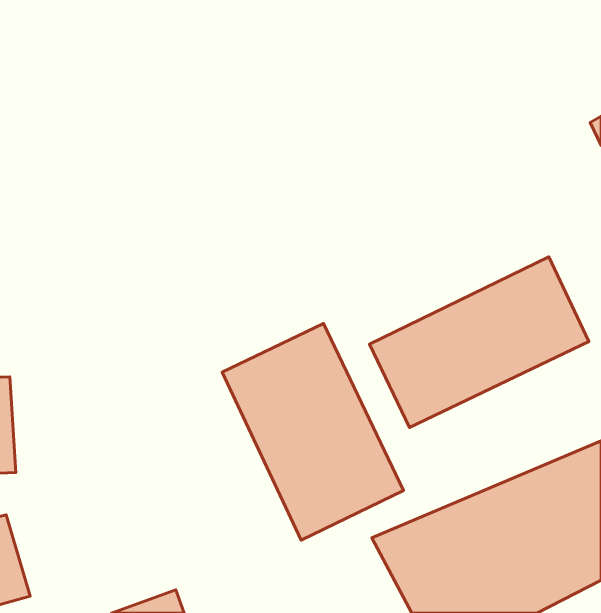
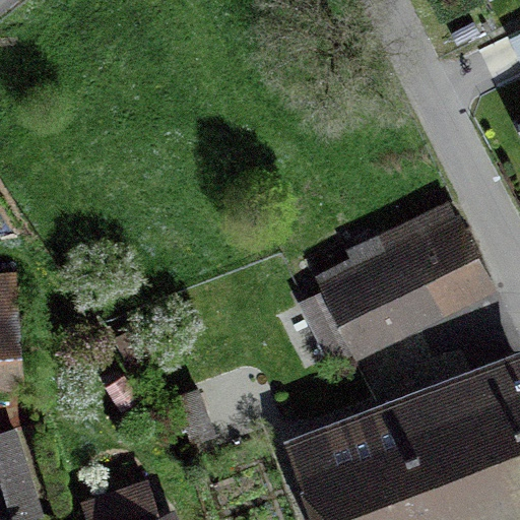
building: [222,324,403,540] -> none

